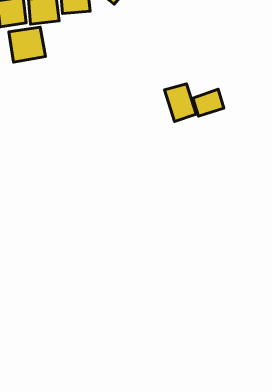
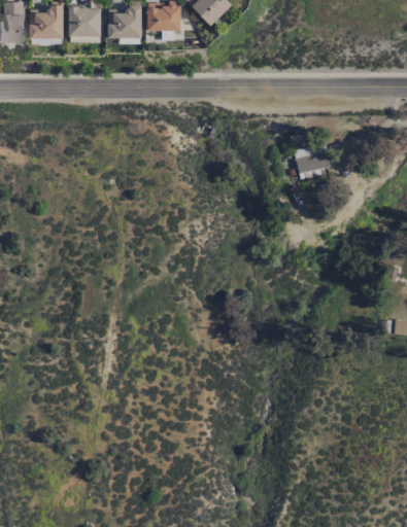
building: [9,27,46,62] -> none
building: [164,84,196,121] -> none

